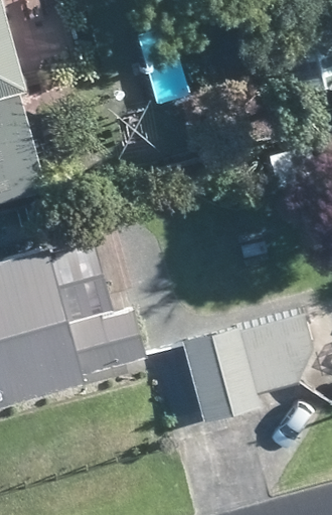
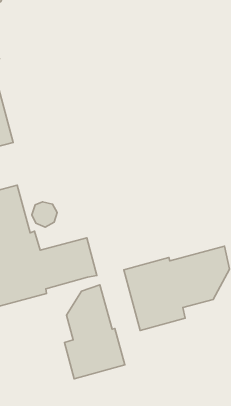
building: none -> [64,285,125,379]

